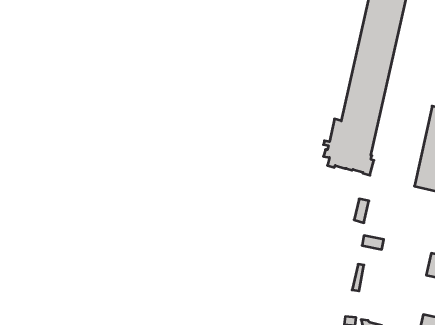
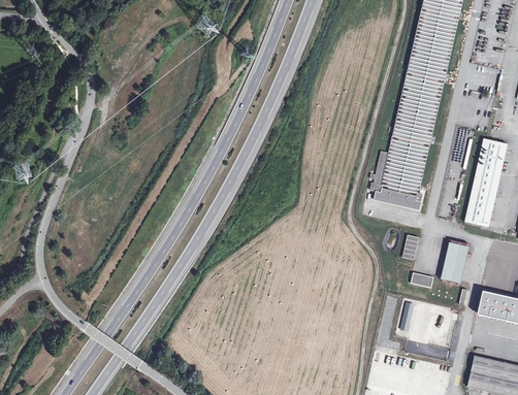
building: none -> [440,241,468,283]

